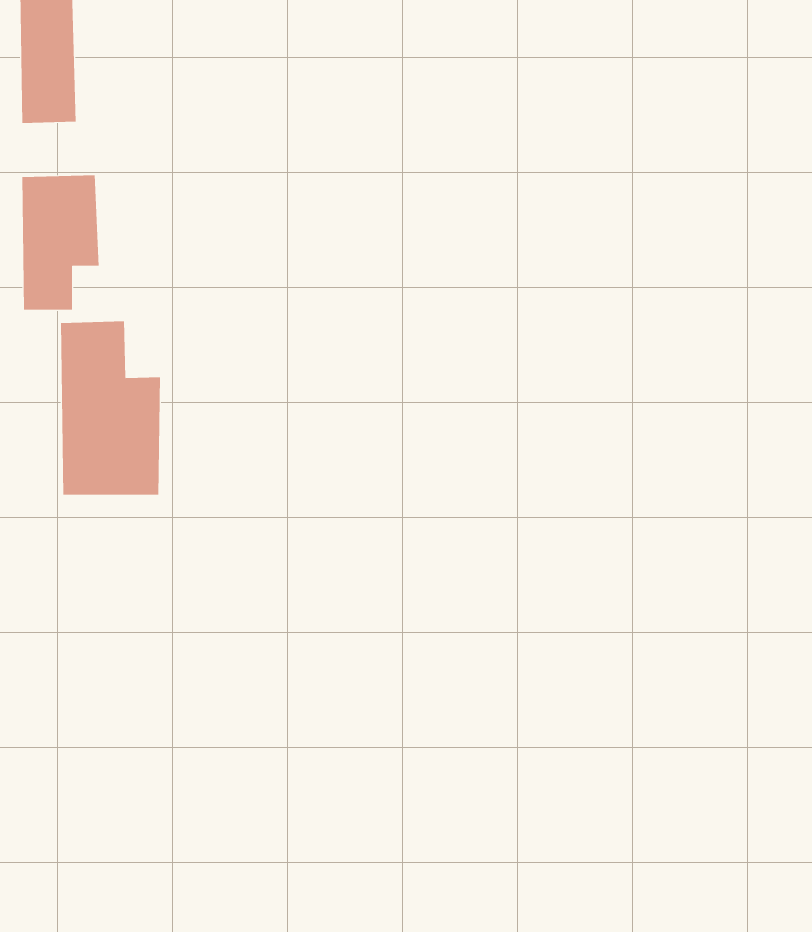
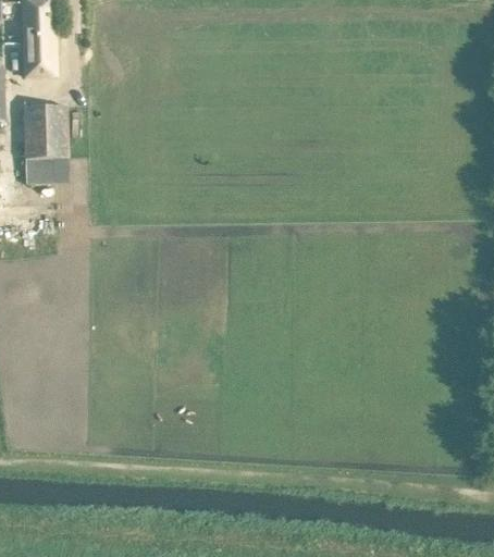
building: [60,321,160,495] -> none

